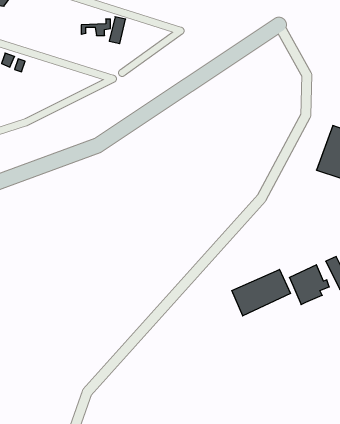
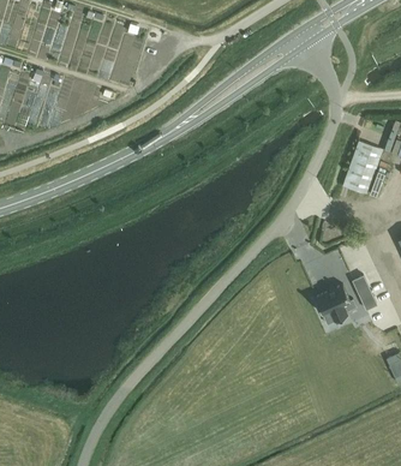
building: [232,269,290,316] -> none

